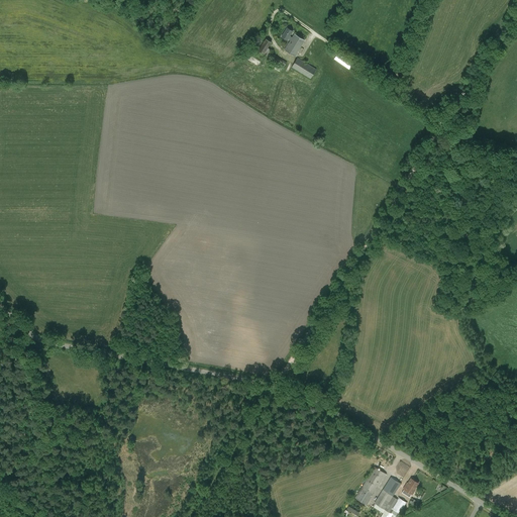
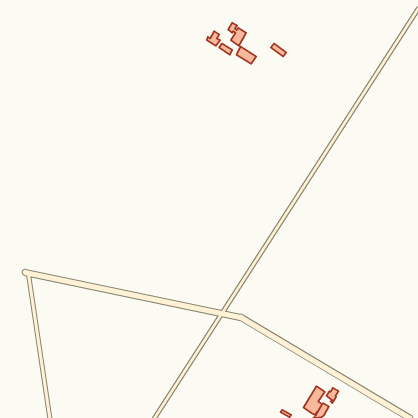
building: [352,467,386,505] -> none

